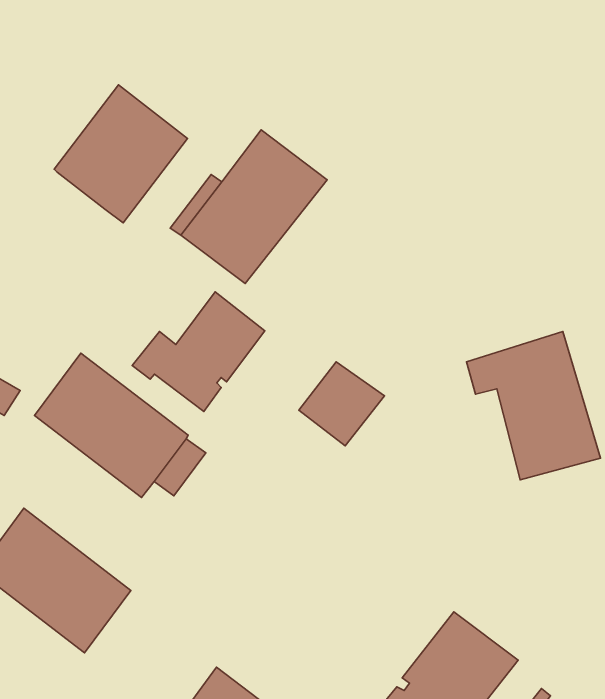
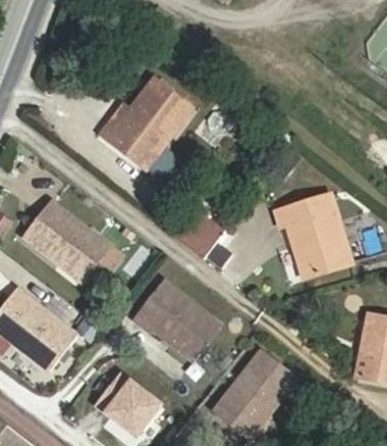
building: [54,85,187,223] -> none
building: [132,292,265,412] -> none
building: none -> [132,280,217,357]

